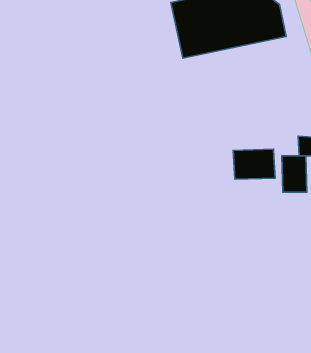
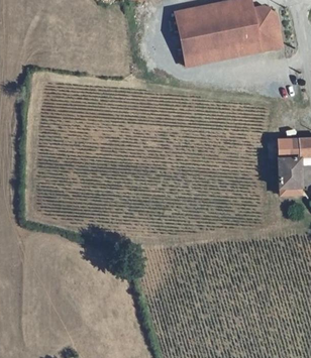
building: [233,149,275,179] -> none

